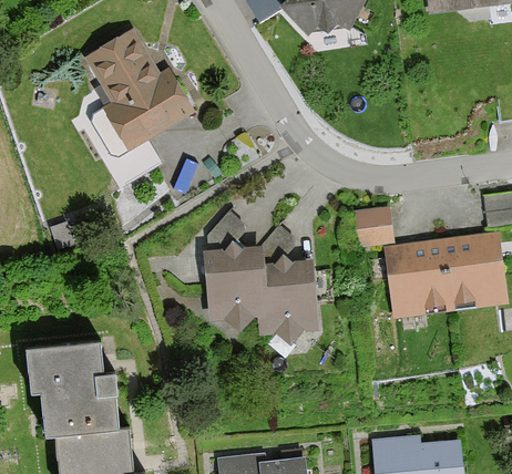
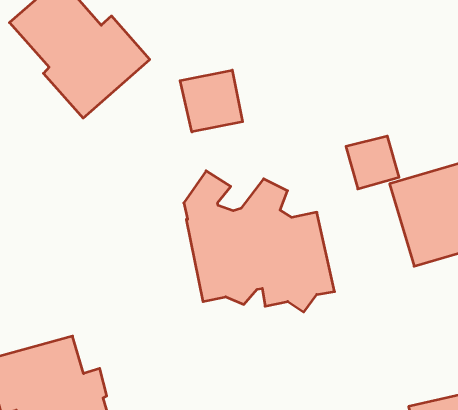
building: none -> [180,70,243,132]

